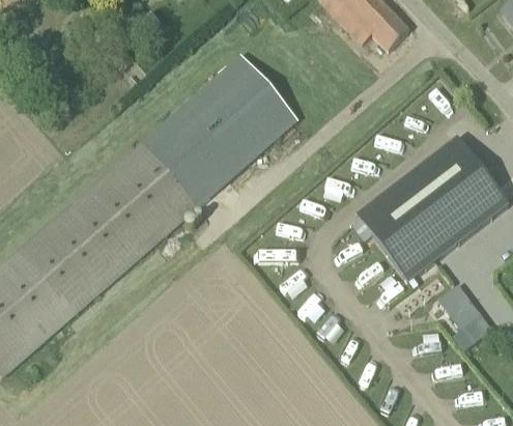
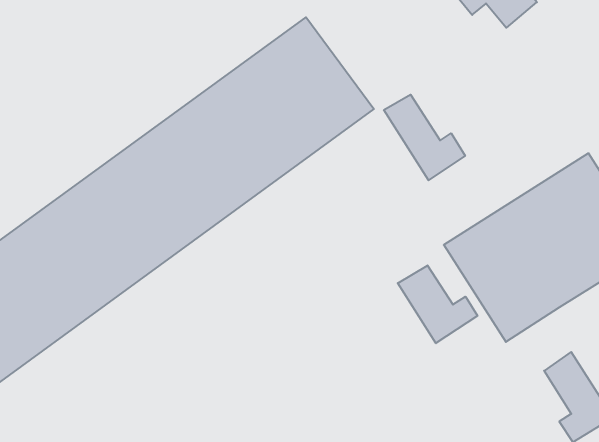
building: none -> [384,95,465,180]
building: none -> [398,265,477,343]

